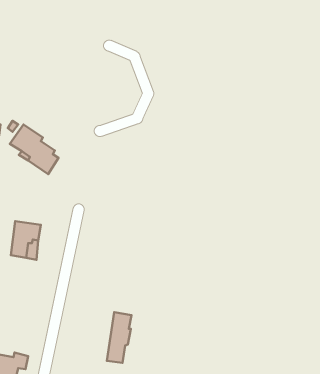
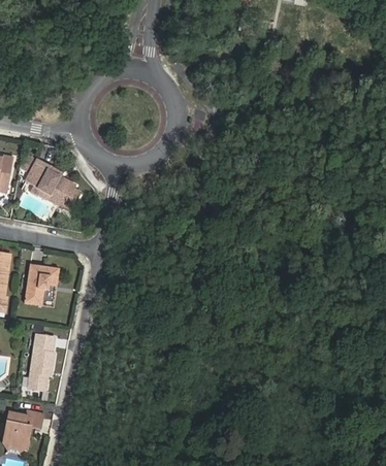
building: [107,312,132,363] -> [27,334,55,391]

